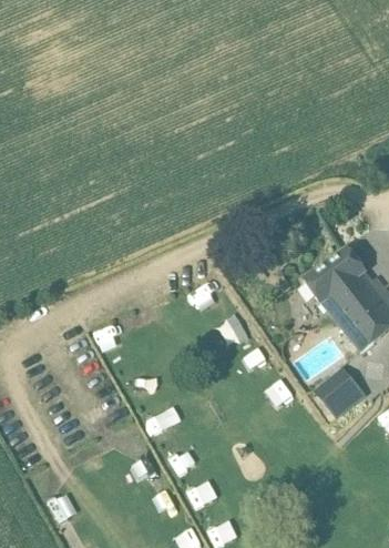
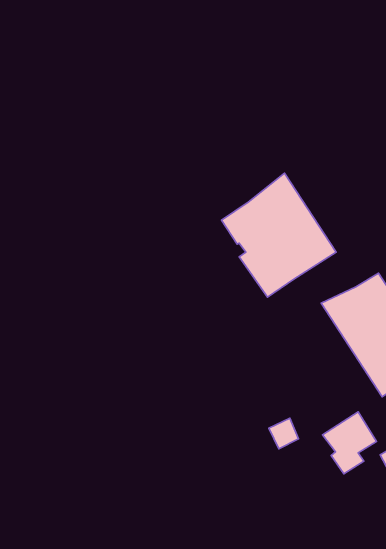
building: none -> [222,173,336,297]

